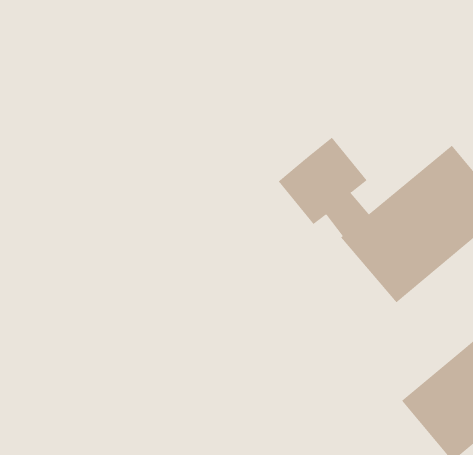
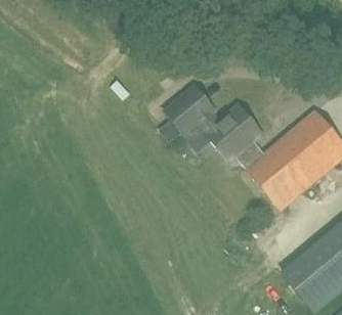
building: none -> [157,84,221,142]

